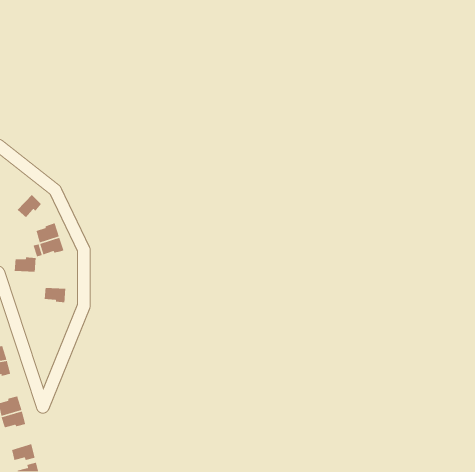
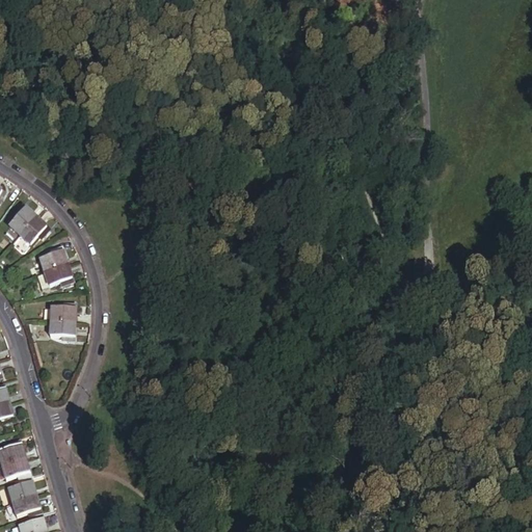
building: none -> [7,205,35,234]
building: [14,257,36,272] -> [50,303,75,321]
building: none -> [8,477,35,501]

